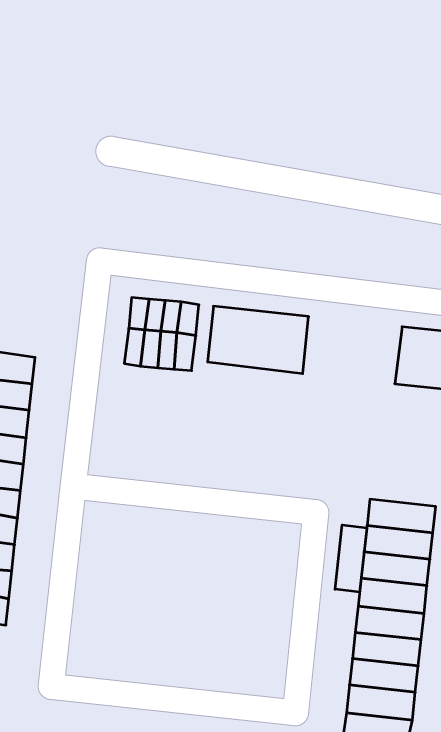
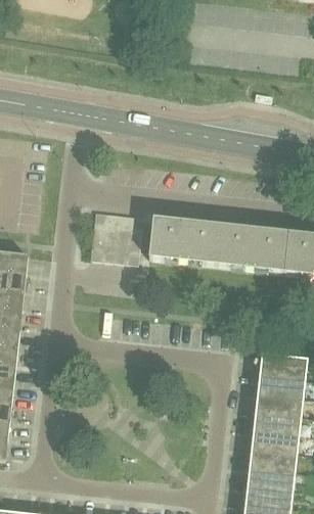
building: none -> [215,222,284,269]
building: [335,525,367,592] -> none

